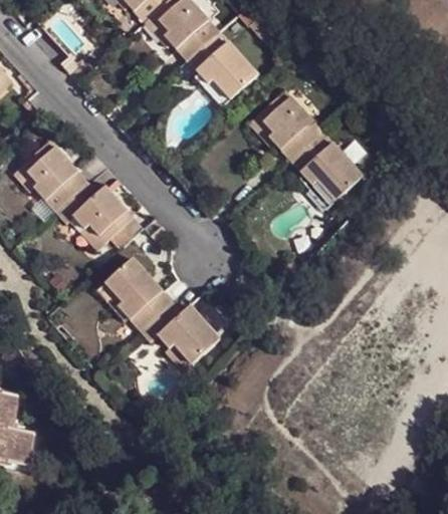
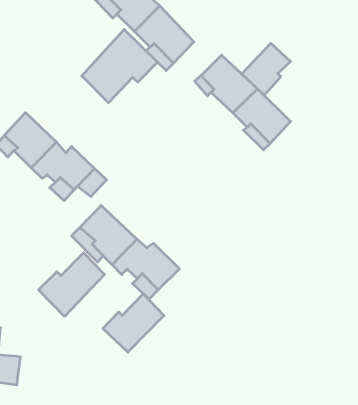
building: none -> [82,29,157,103]
building: none -> [242,43,291,95]
building: none -> [39,253,105,316]
building: none -> [103,294,164,352]

